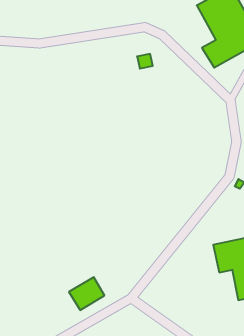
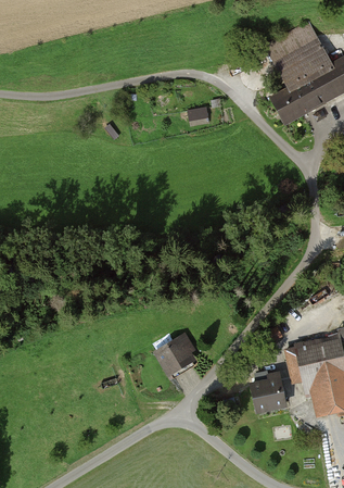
building: none -> [252,375,286,412]
building: [69,277,104,310] -> [154,335,199,376]

